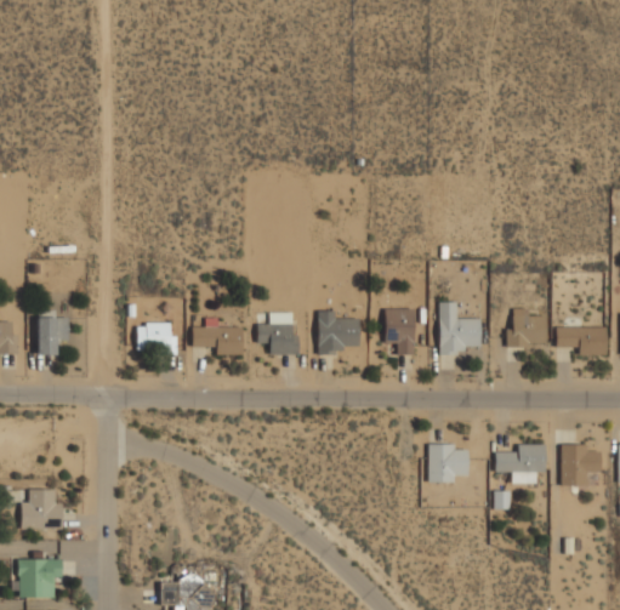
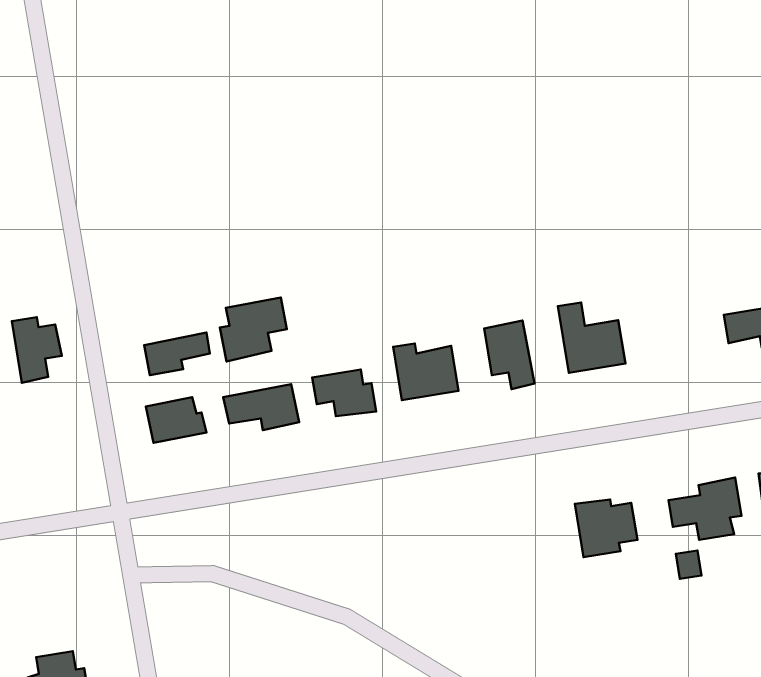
building: none -> [220,298,287,361]
building: none -> [144,333,210,375]
building: [506,308,546,346] -> none
building: [38,310,69,355] -> [12,317,62,383]

